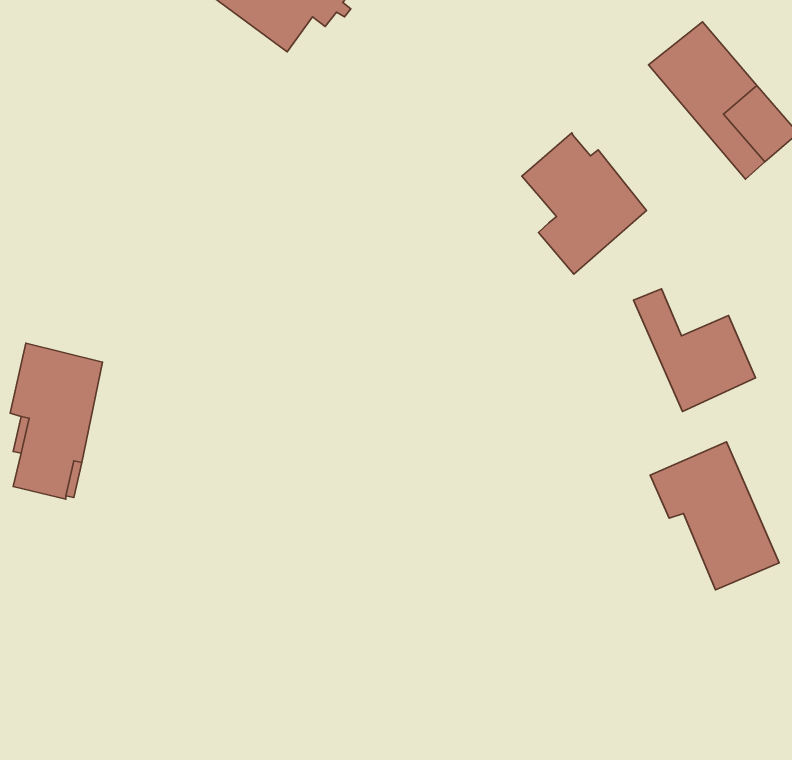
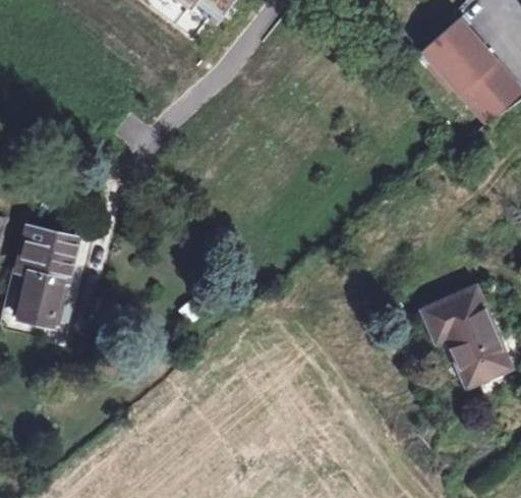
building: [522,133,647,274] -> none
building: [634,289,755,412] -> none

